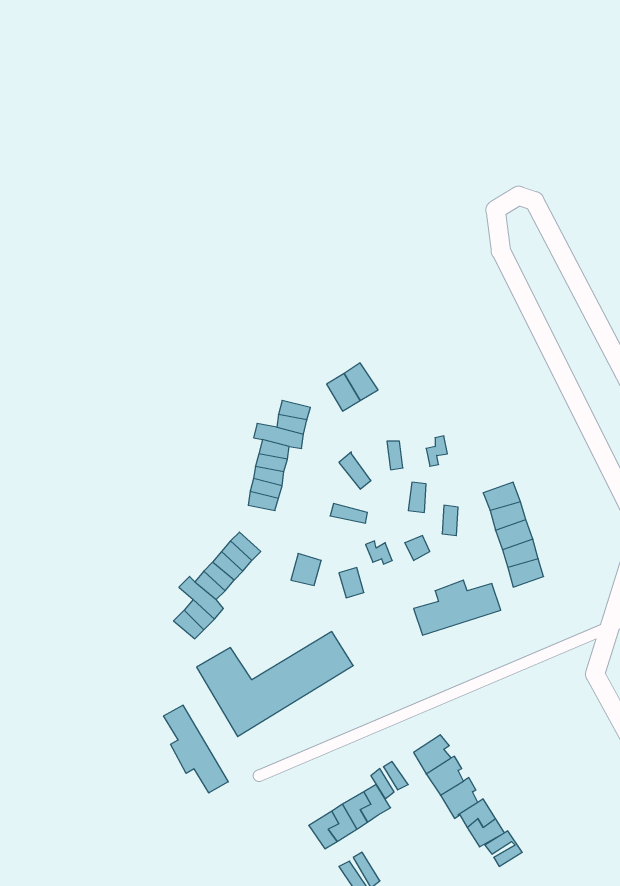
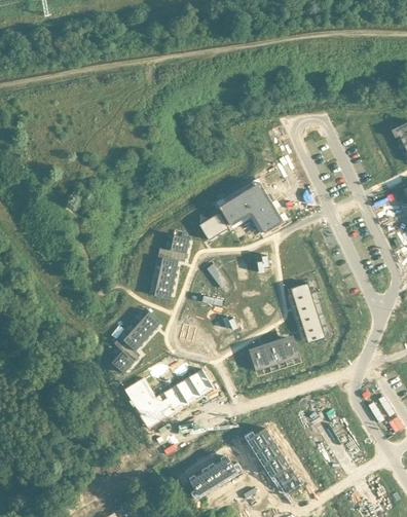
building: none -> [218,182,283,233]
building: [164,705,228,793] -> none

